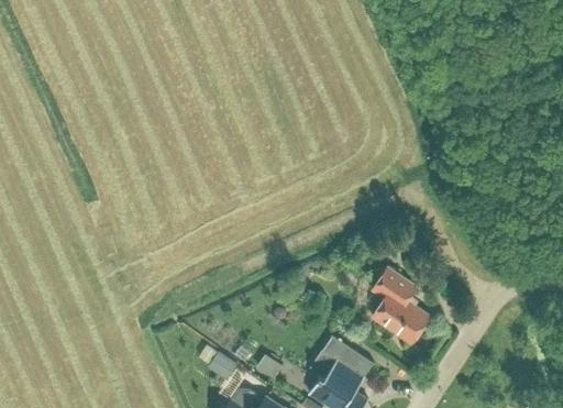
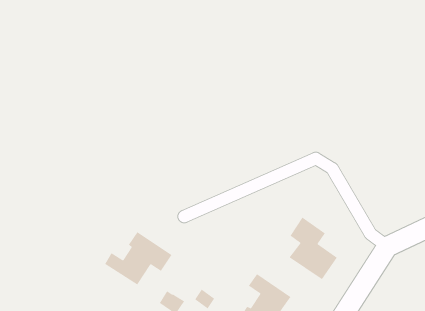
building: none -> [104,231,172,286]

